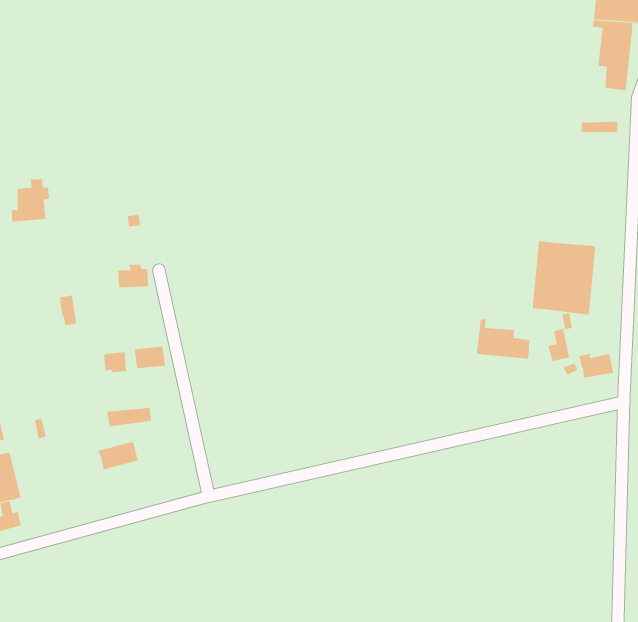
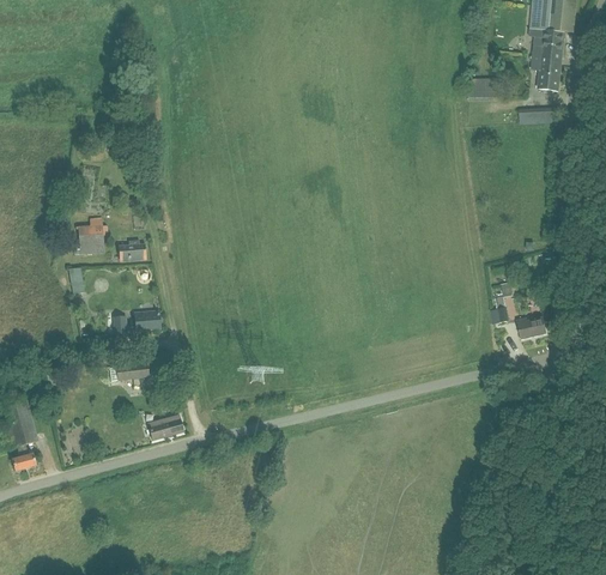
building: [11,179,50,222] -> [74,217,108,254]
building: [532,241,596,315] -> none
building: [476,318,530,359] -> none
building: [97,441,139,470] -> [147,414,183,440]

